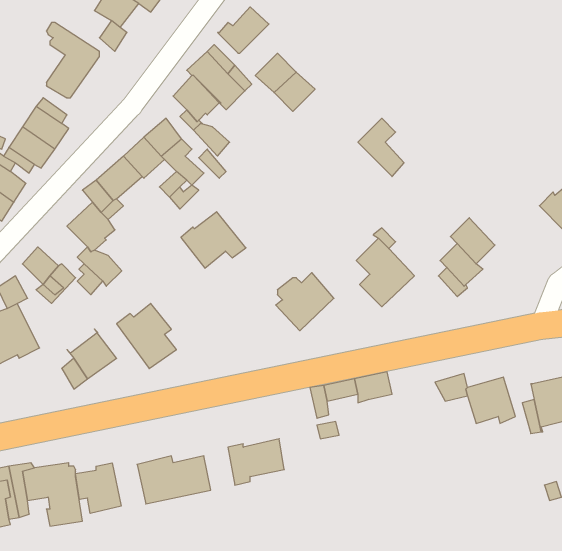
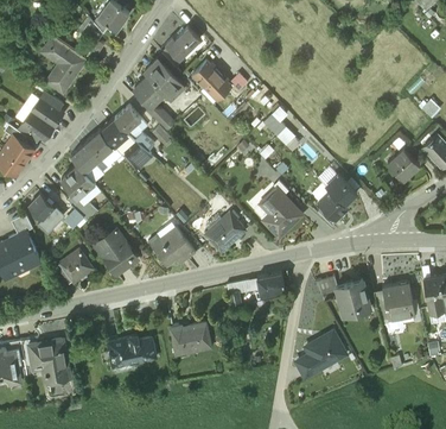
building: [181,212,246,268] -> [152,227,197,266]
building: none -> [298,333,346,378]
building: [76,463,121,513] -> none

